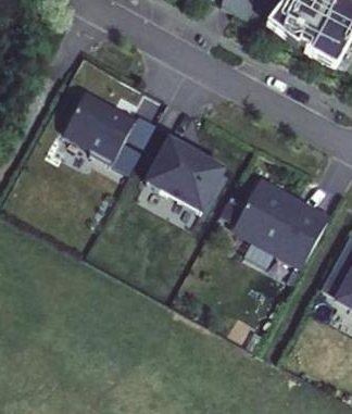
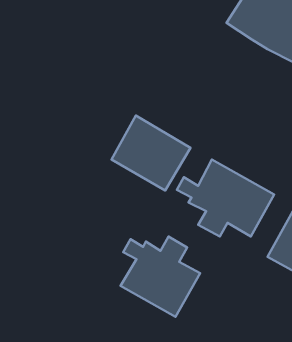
building: [60,97,141,171] -> none
building: none -> [121,237,200,317]

